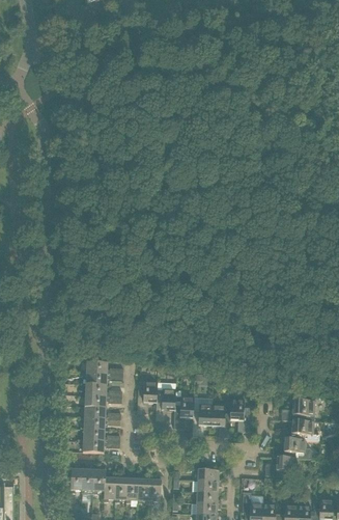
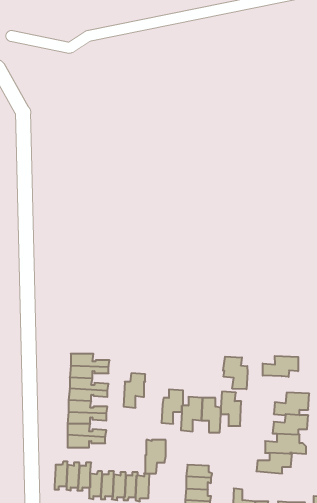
building: none -> [263,356,298,377]
building: none -> [223,357,248,389]
building: [156,388,175,420] -> [145,440,166,473]

